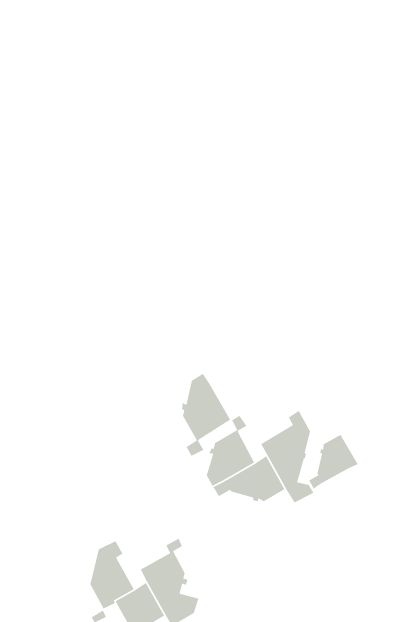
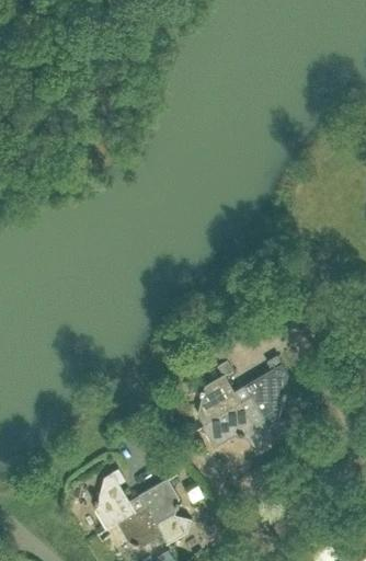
building: [181,373,231,457] -> none
building: [308,434,359,490] -> none

